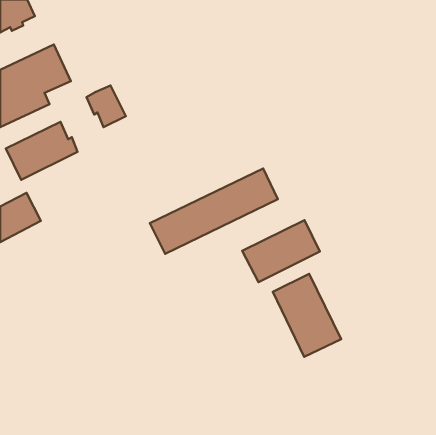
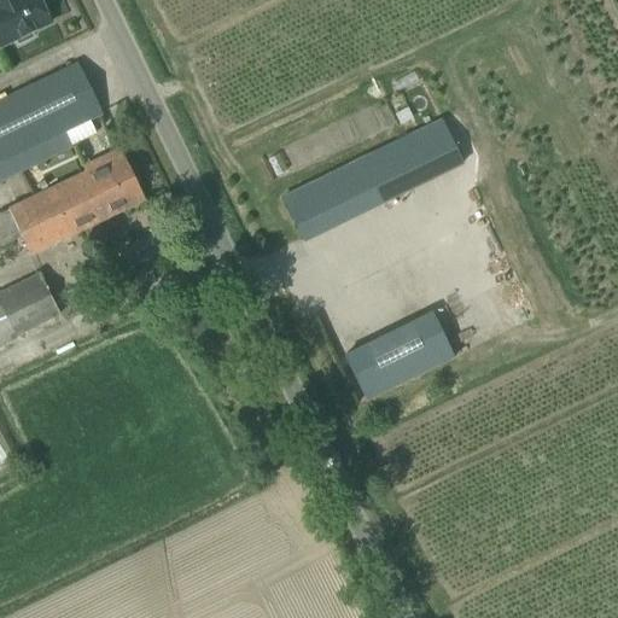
building: [86,85,126,127] -> [86,156,141,215]
building: [150,169,278,254] -> [281,119,462,240]
building: [273,274,341,357] -> none

